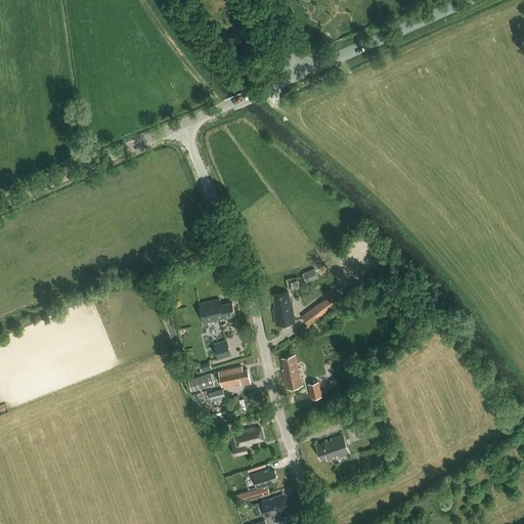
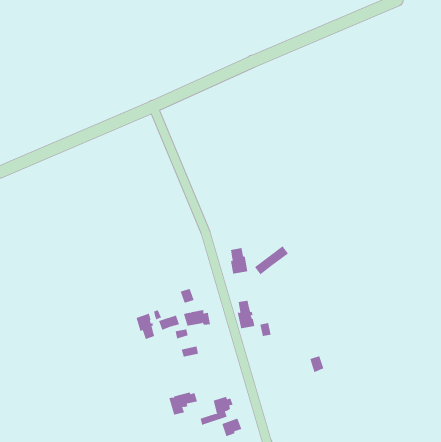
building: [199,300,234,324] -> none
building: none -> [136,313,155,340]
building: [228,428,263,455] -> [168,392,198,415]
building: [315,434,349,460] -> none

